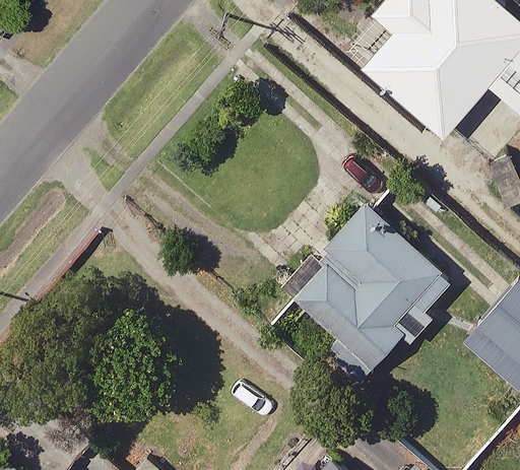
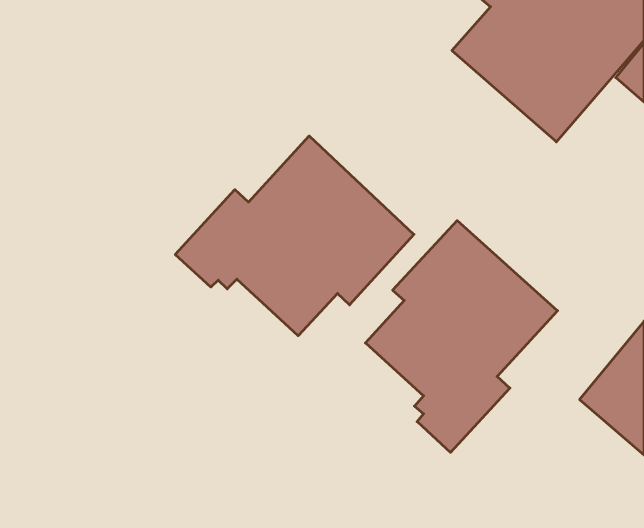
building: none -> [175,136,414,336]

